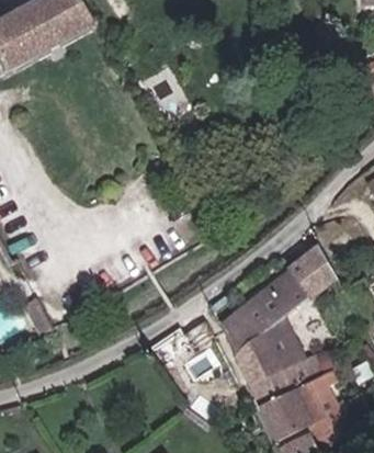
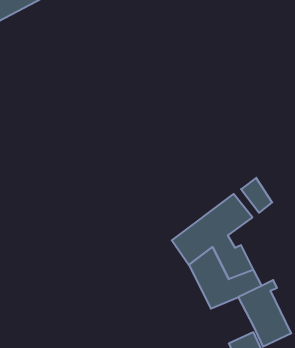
building: [258,389,307,439] -> none

